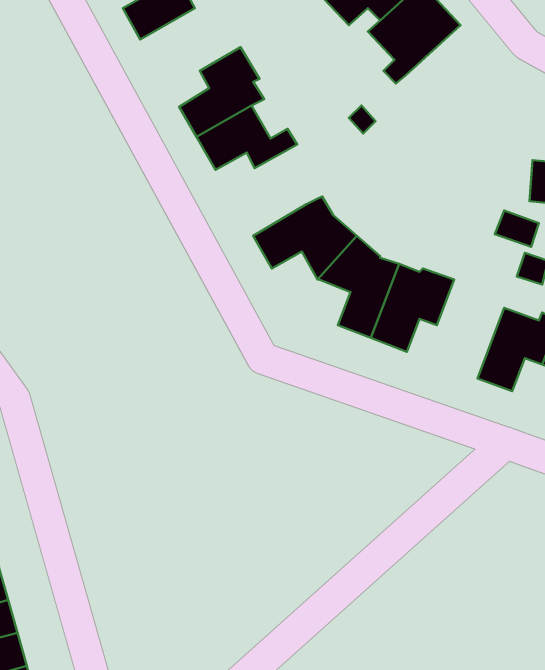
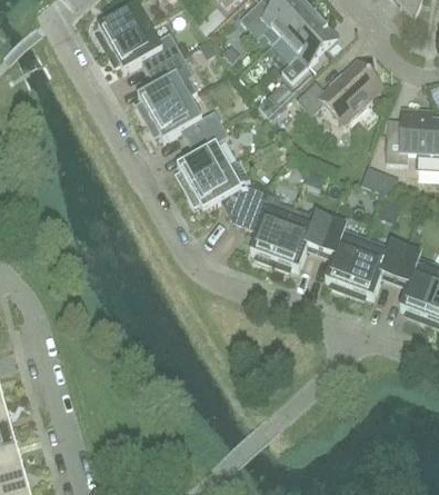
building: none -> [109,23,180,69]
building: none -> [296,58,381,121]
building: none -> [176,120,228,185]
building: none -> [319,216,367,286]

